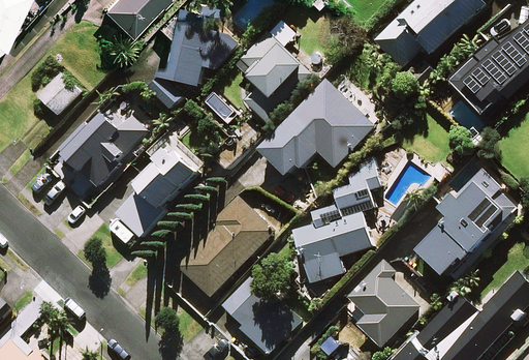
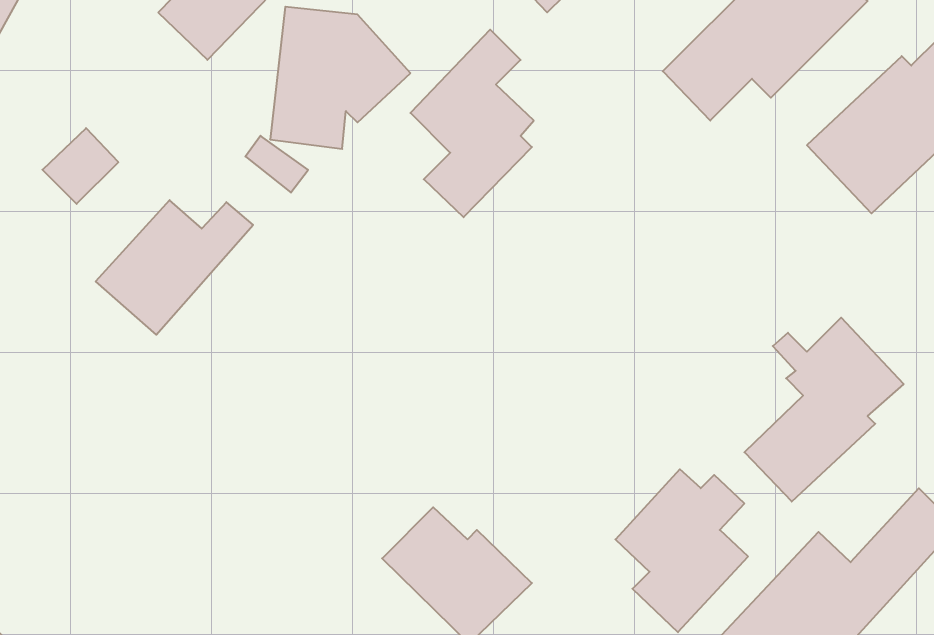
building: [258,72,379,180] -> none
building: [114,138,197,237] -> none
building: [293,164,379,282] -> none
building: [179,197,273,296] -> none

